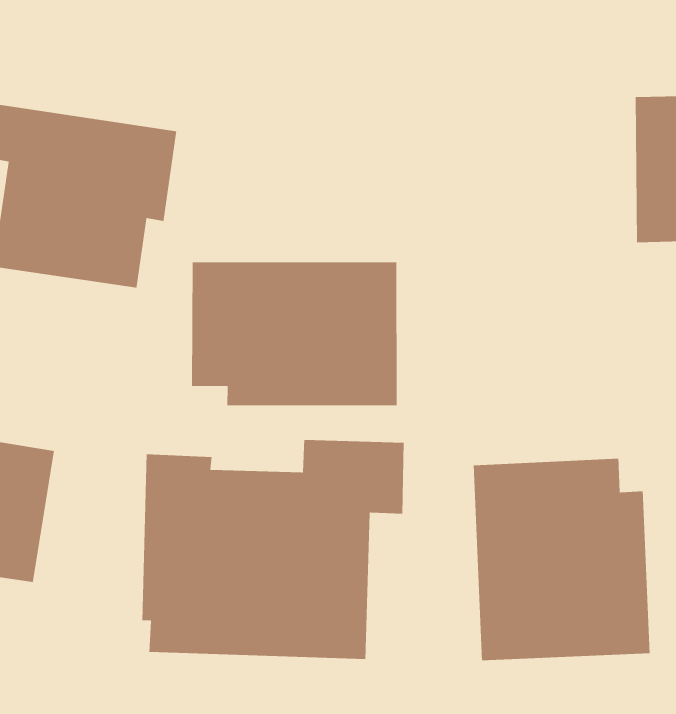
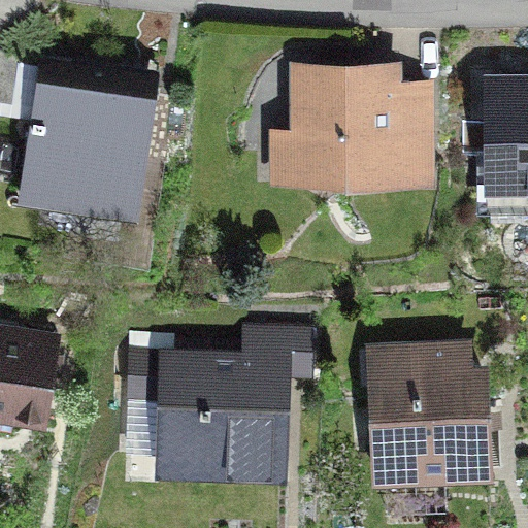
building: none -> [298,77,424,182]
building: [191,261,397,406] -> none

